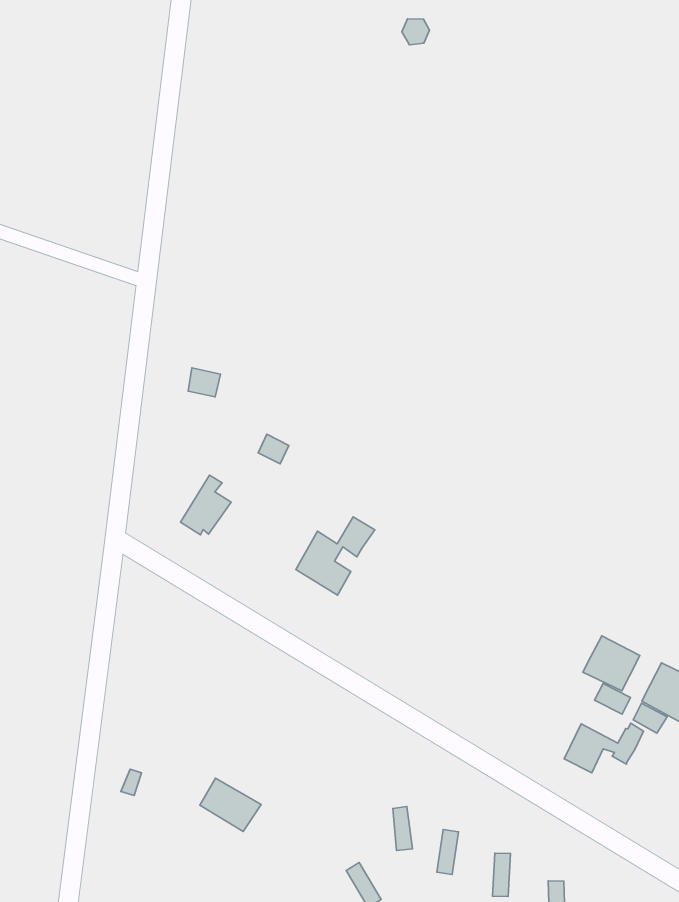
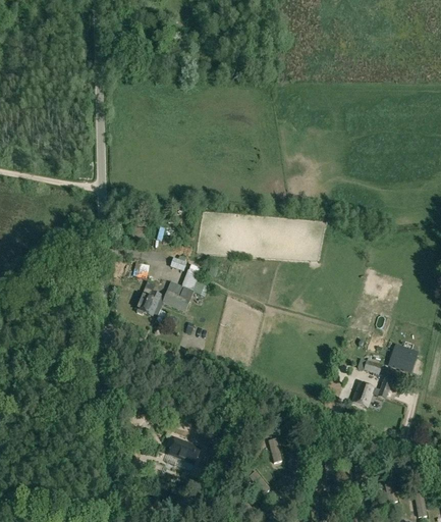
building: [296,517,375,595] -> [162,270,200,312]
building: [583,636,640,691] -> none

